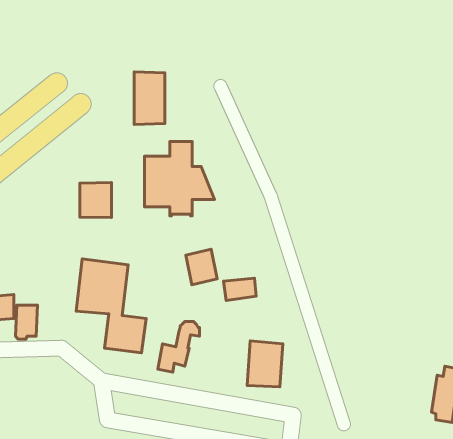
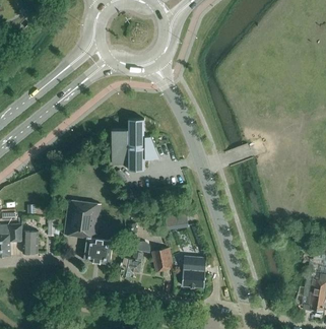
building: [134,72,165,125] -> none
building: [80,183,111,218] -> none
building: [186,249,217,285] -> [152,248,174,272]

